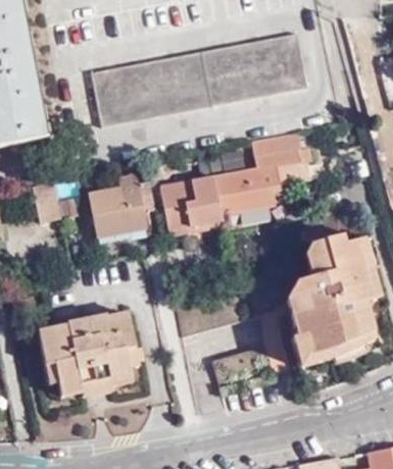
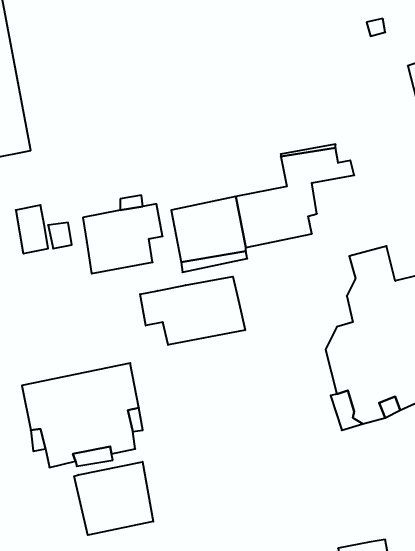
building: [92,34,308,126] -> none
building: none -> [140,277,245,345]
building: none -> [74,462,153,535]

